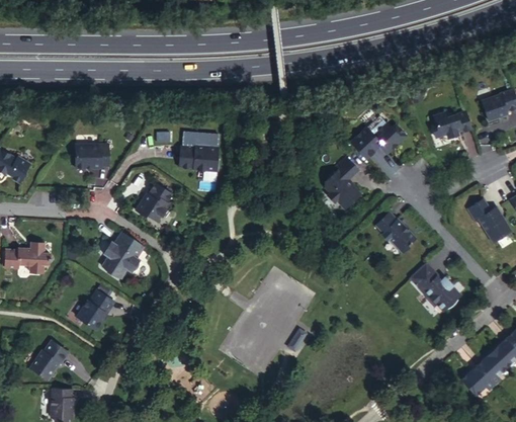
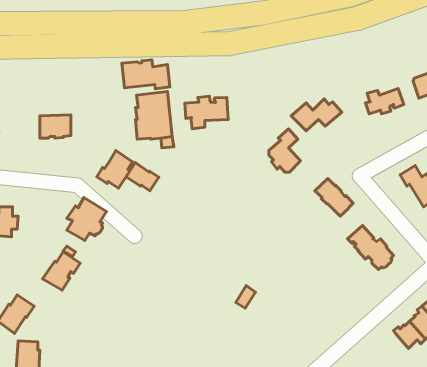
building: none -> [122,60,170,89]
building: none -> [185,96,228,129]
building: none -> [126,163,159,191]

